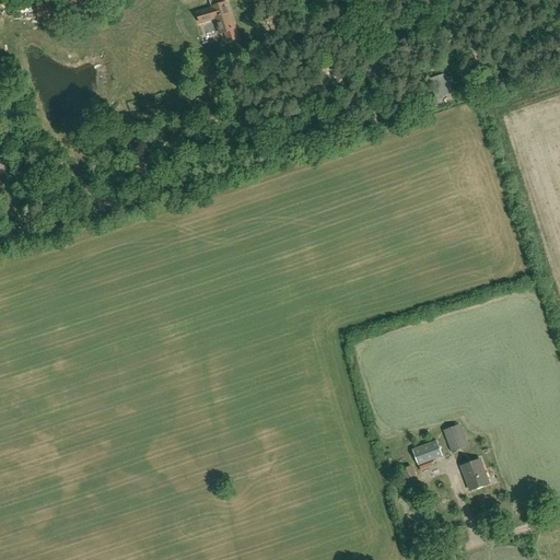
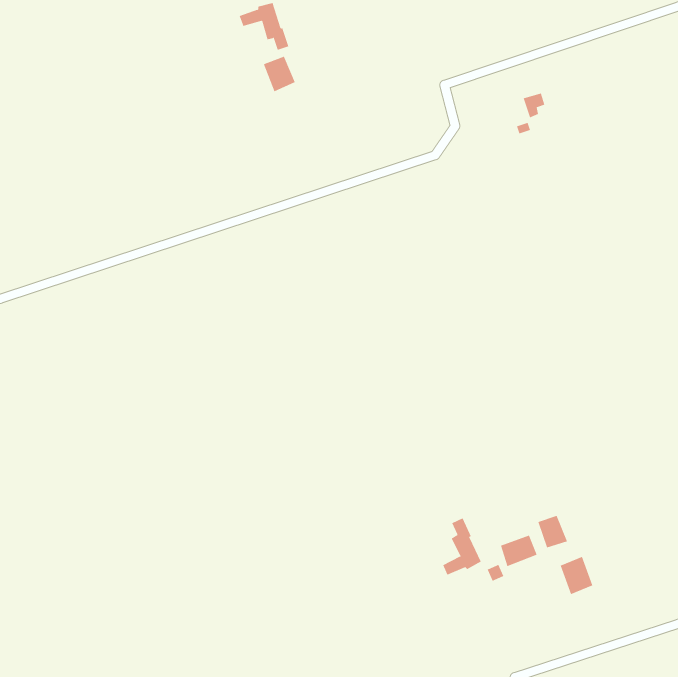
building: none -> [263,56,295,92]
building: none -> [443,518,481,576]

